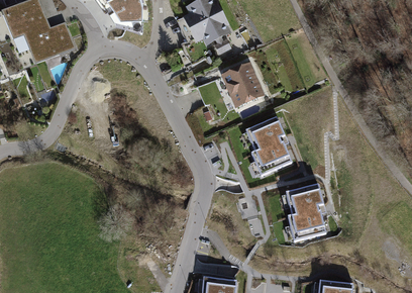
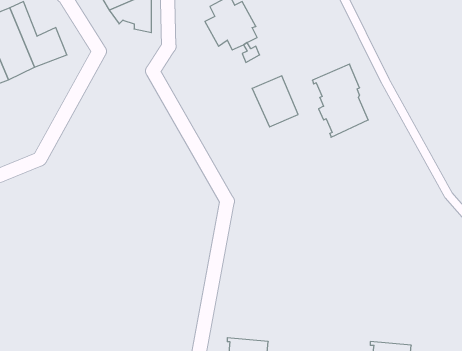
building: [246,117,292,177] -> [312,64,368,137]
building: [286,185,326,240] -> none

